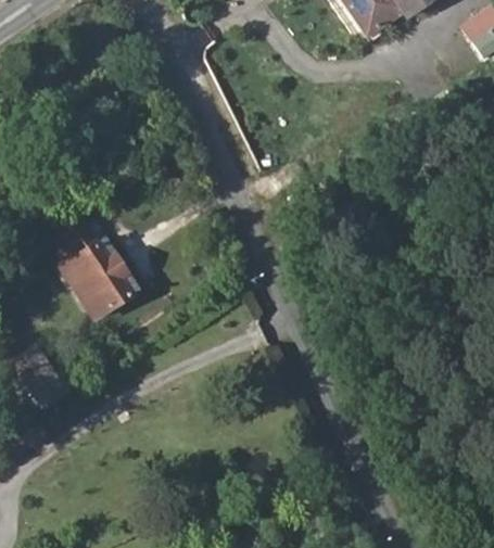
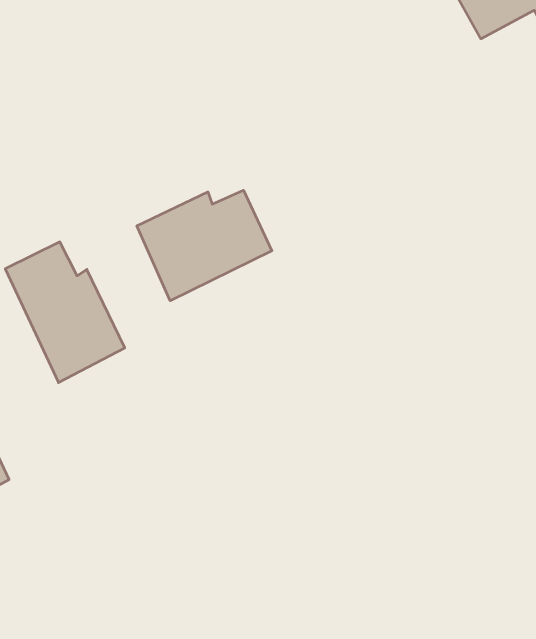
building: none -> [137,190,272,301]

